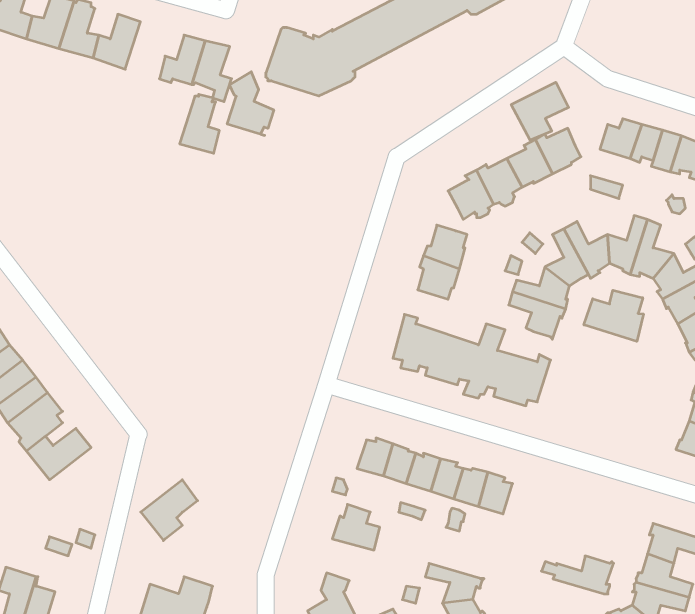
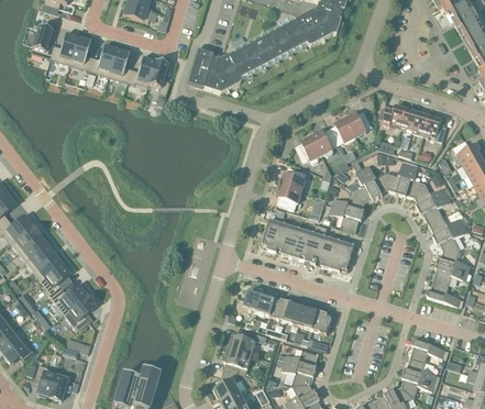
building: [227,72,274,135] -> none
building: [511,82,569,140] -> none
building: [180,94,219,153] -> [108,47,131,81]
building: [584,290,643,341] -> none
building: [141,480,198,541] -> [64,295,97,330]
building: none -> [224,347,252,374]
building: [541,556,614,594] -> [277,349,319,371]

